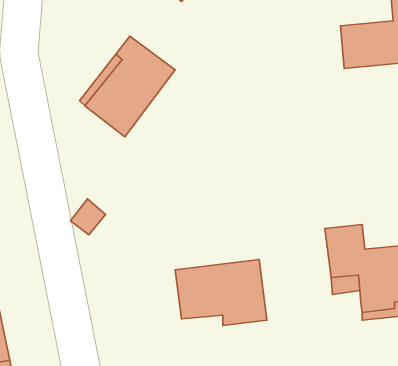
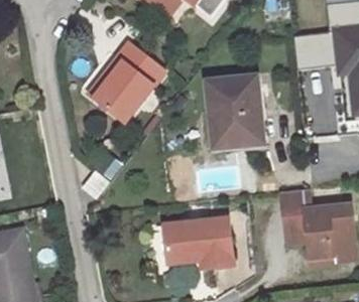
building: none -> [208,78,259,148]

